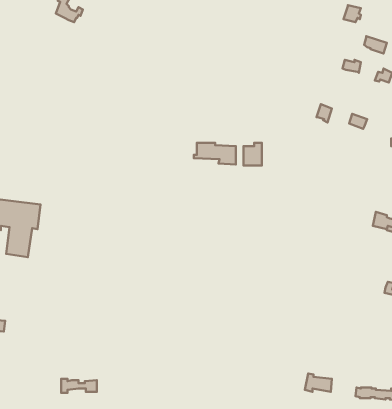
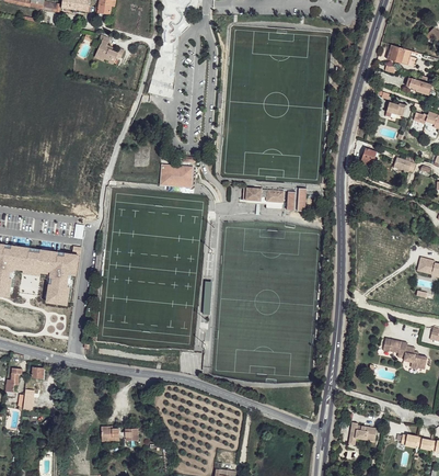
building: none -> [161,163,195,186]
building: none -> [382,336,426,367]

